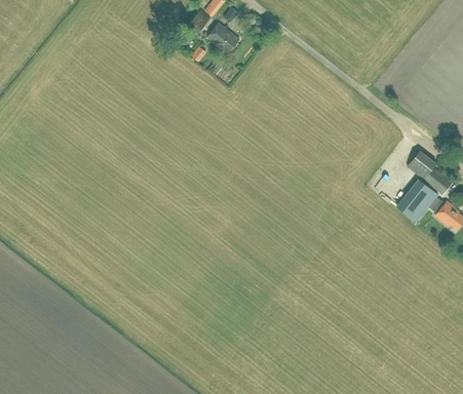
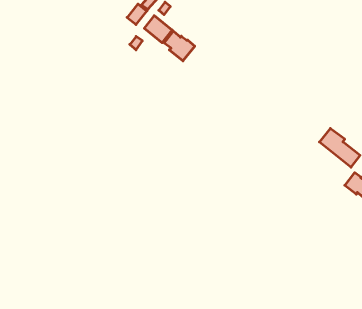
building: none -> [164,31,195,61]
building: [397,179,436,221] -> none

